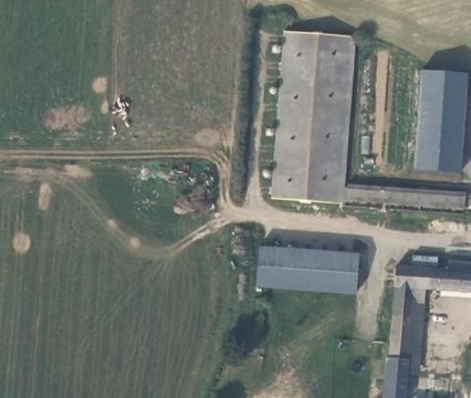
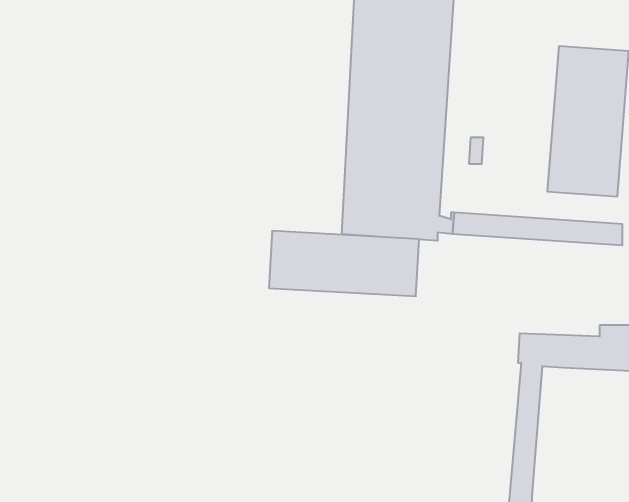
building: [259,249,360,293] -> [269,231,419,296]
building: [404,287,425,375] -> none

